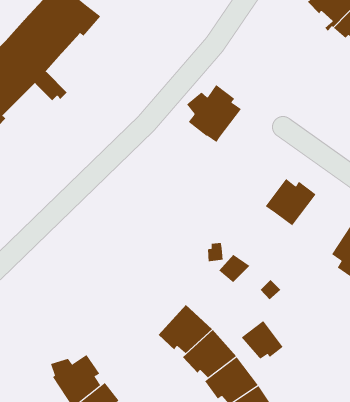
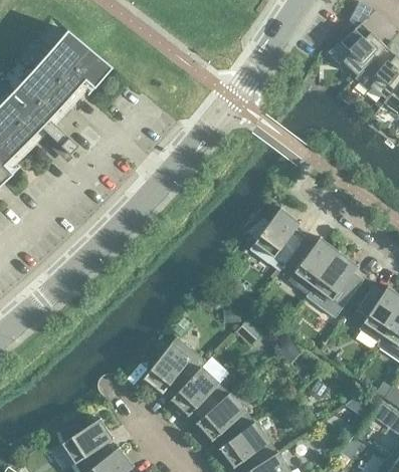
building: [186,84,242,143] -> [247,210,306,271]
building: none -> [306,253,364,317]
building: none -> [144,337,207,400]
building: [241,320,284,363] -> none

